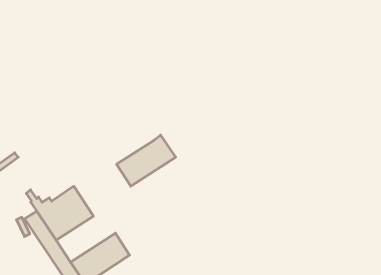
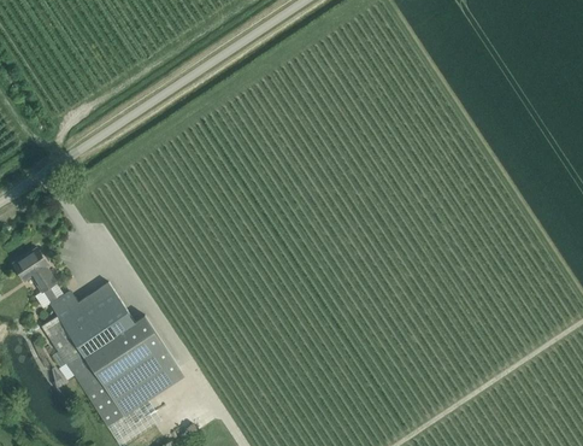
building: [117,135,176,186] -> [86,316,166,386]
building: none -> [14,250,57,292]

